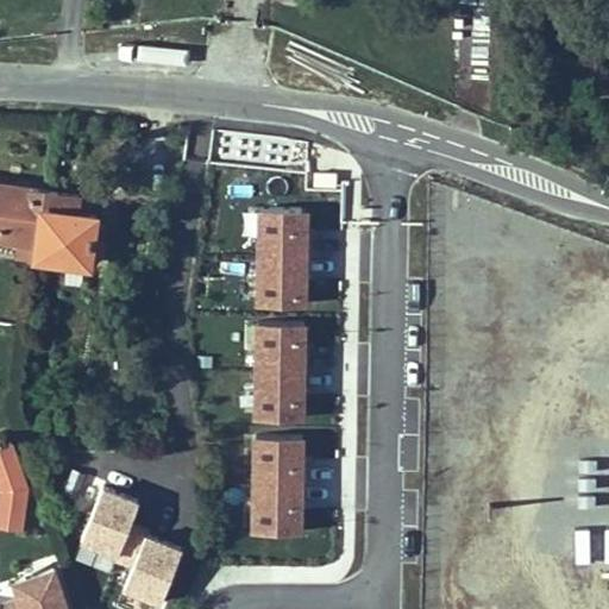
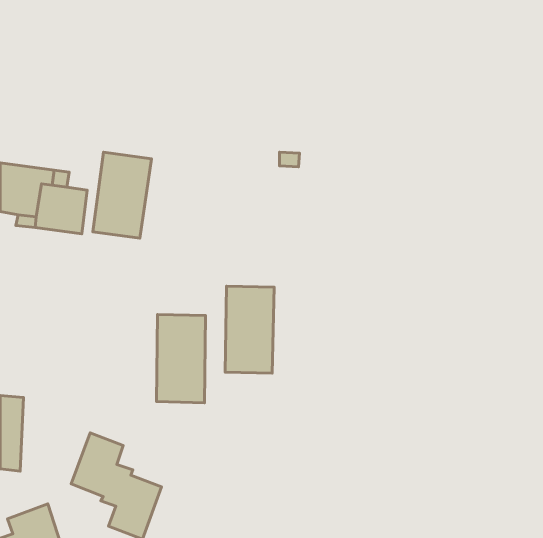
building: none -> [93,152,152,238]
building: [255,212,308,310] -> none
building: [250,439,304,538] -> [157,314,205,403]

